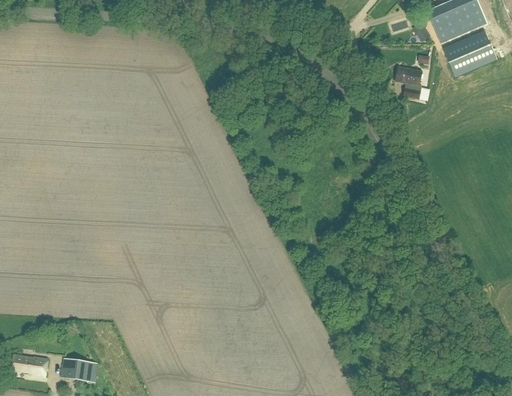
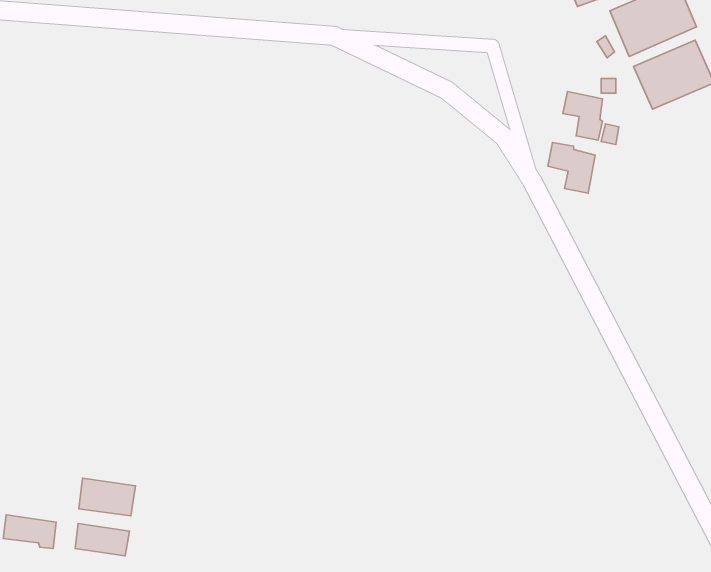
building: none -> [548,143,595,193]
building: none -> [79,478,136,516]

